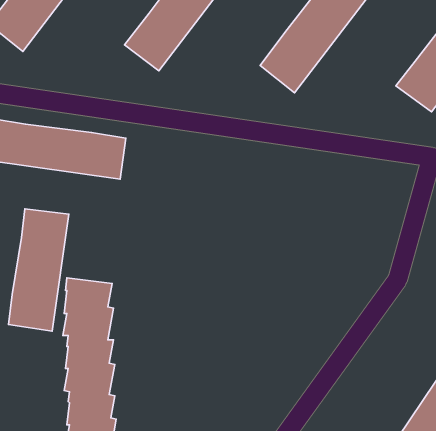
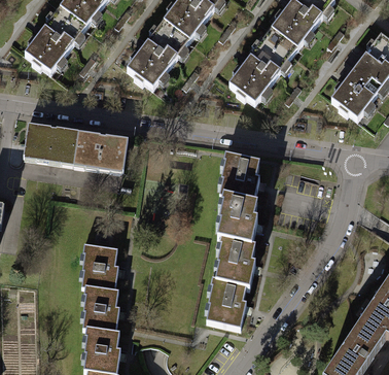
building: none -> [206,152,259,328]
building: [8,209,69,331] -> none

